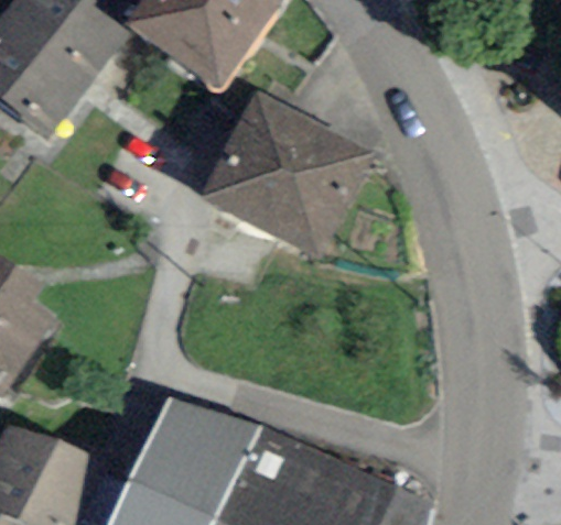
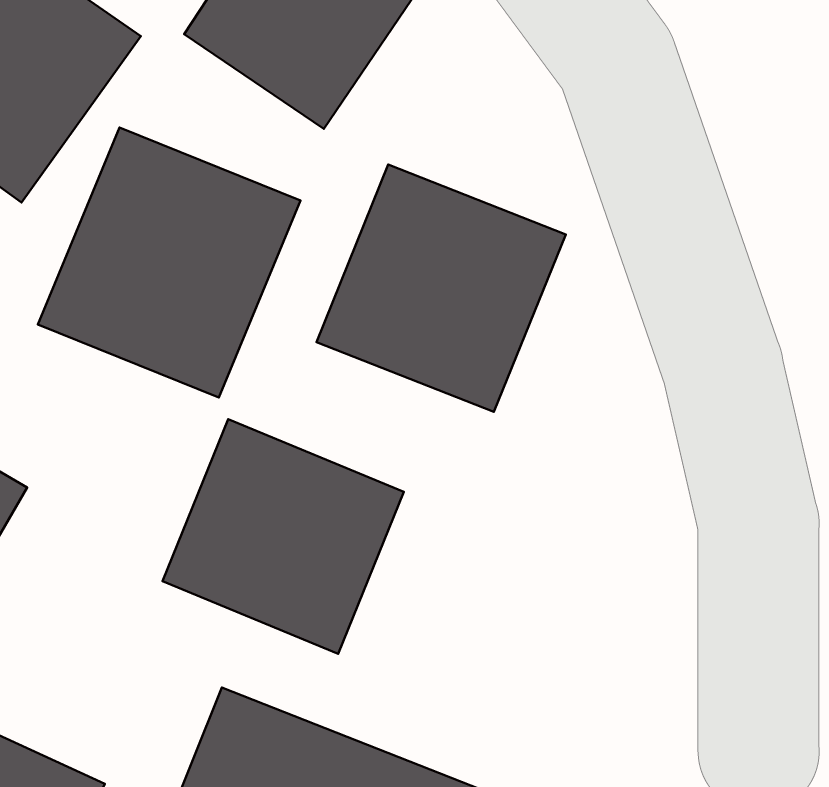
building: none -> [38,128,301,398]
building: none -> [163,419,404,654]

